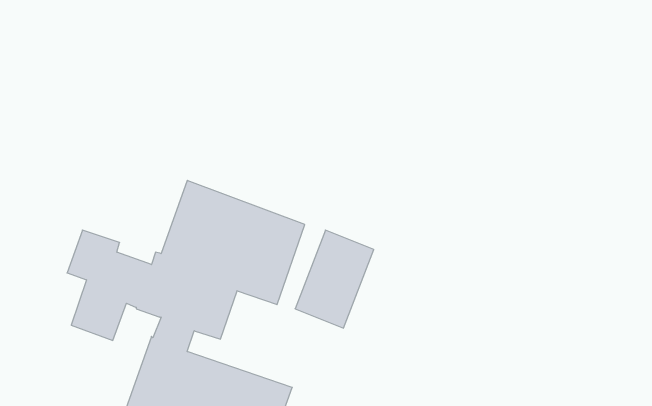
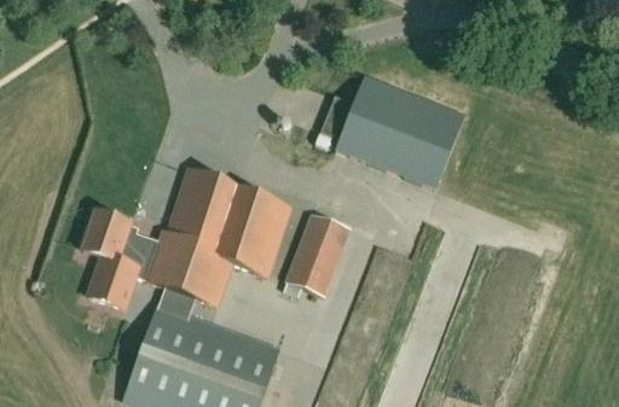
building: none -> [334,76,463,188]

